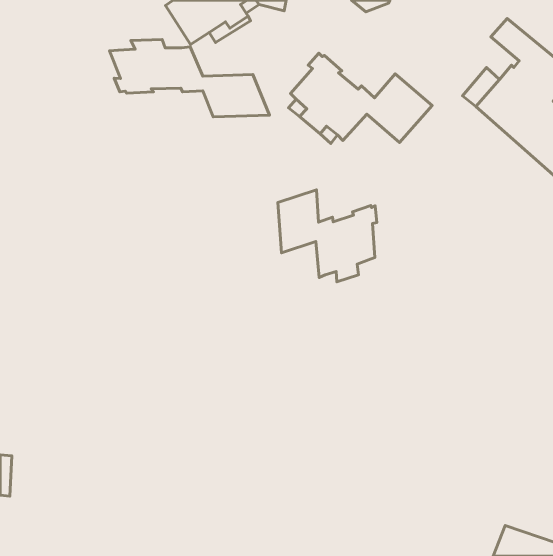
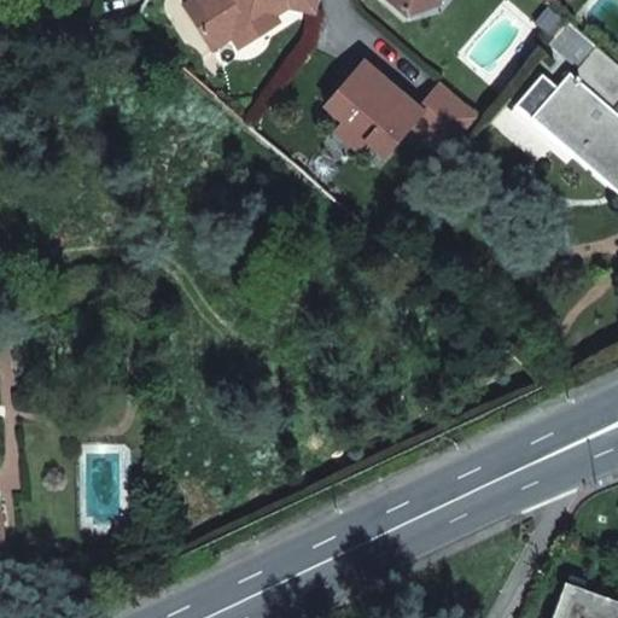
building: [110,40,269,117] -> none
building: [278,190,377,282] -> none

